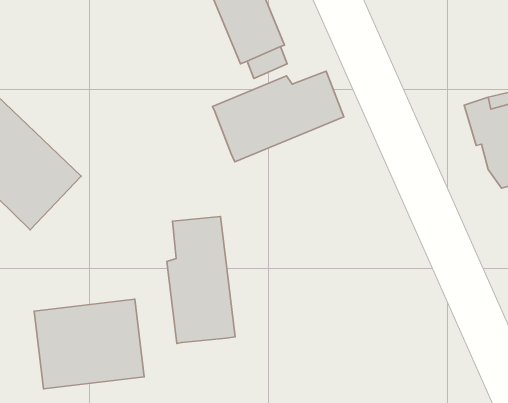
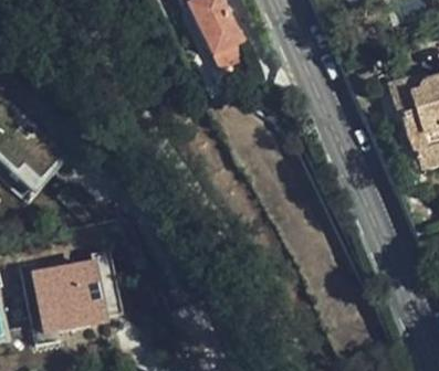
building: [212,71,344,162] -> none
building: [167,216,235,343] -> none

